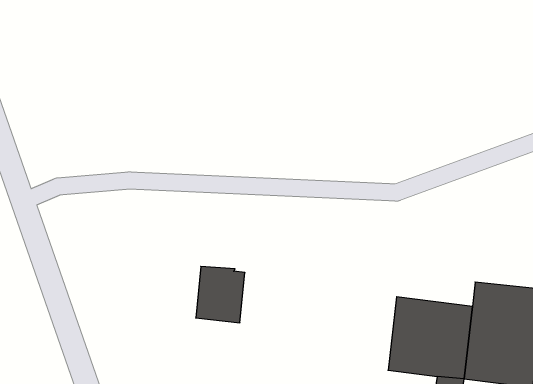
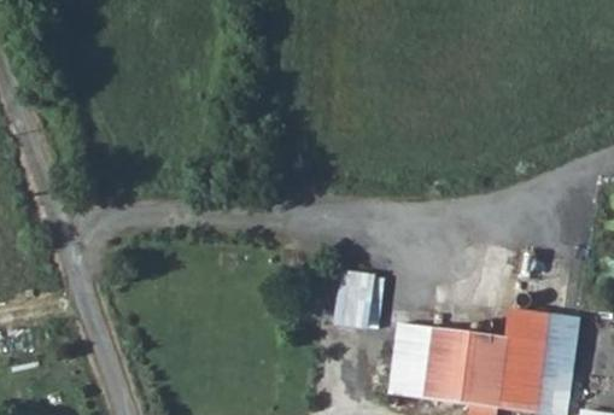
building: [196,266,245,323] -> [334,270,382,326]
building: none -> [390,322,431,398]

